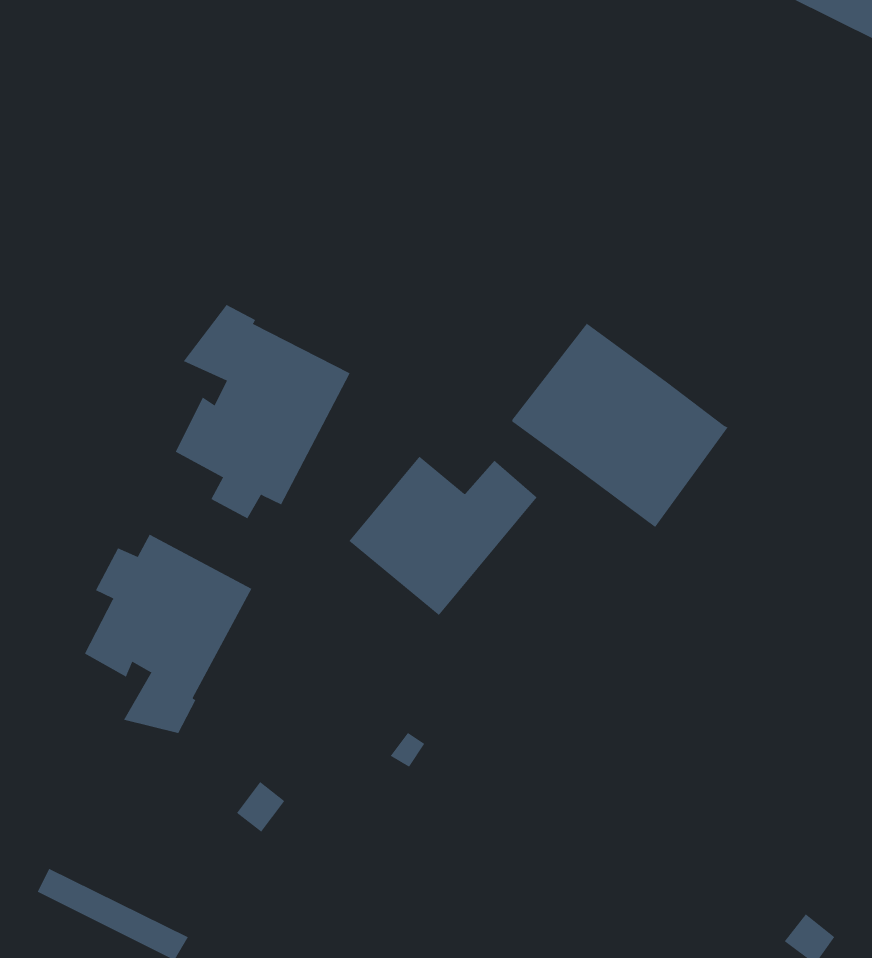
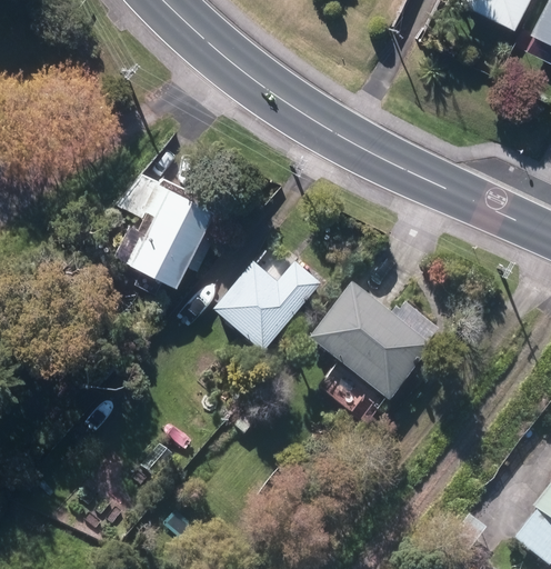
building: [512,323,728,528] -> [308,286,430,401]
building: [84,534,252,734] -> none

